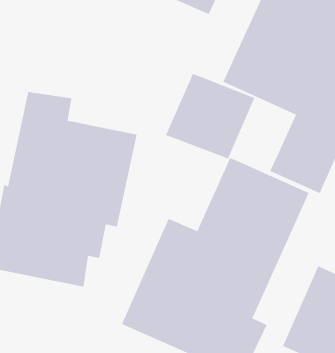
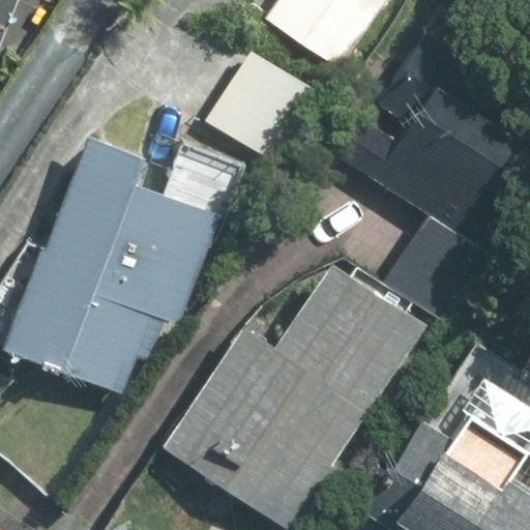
building: [165,73,255,159] -> [203,51,325,168]

